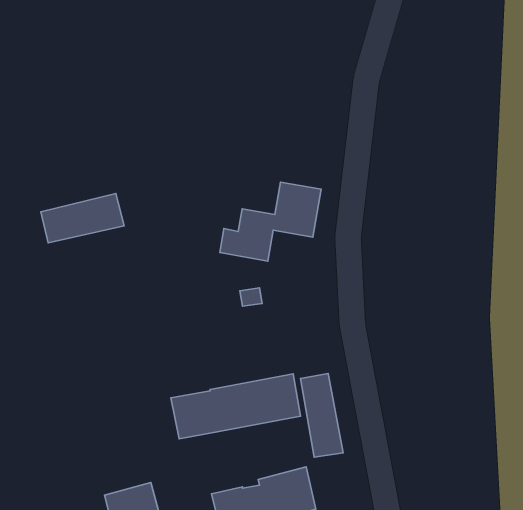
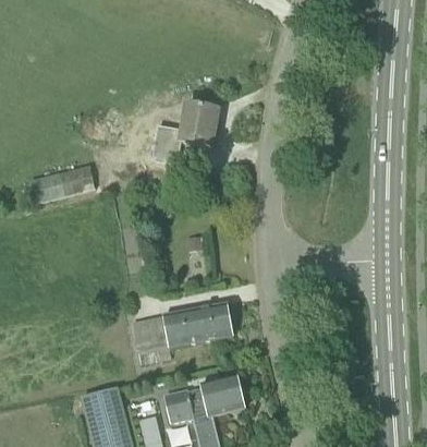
building: [220,182,321,261] -> [141,105,219,166]
building: [301,373,343,457] -> none

